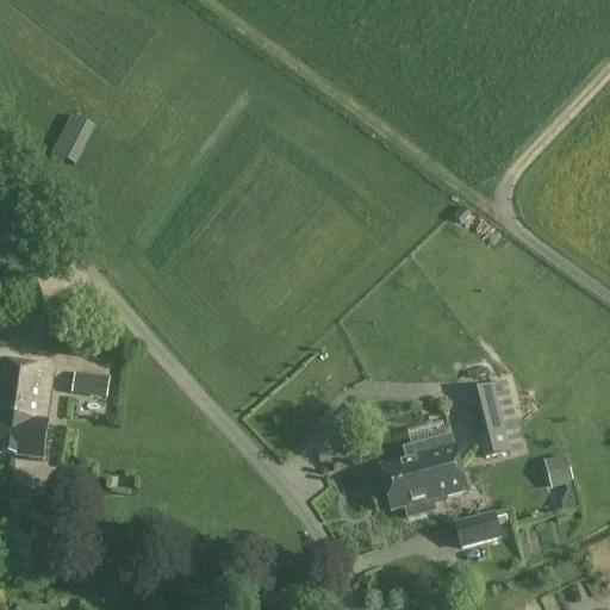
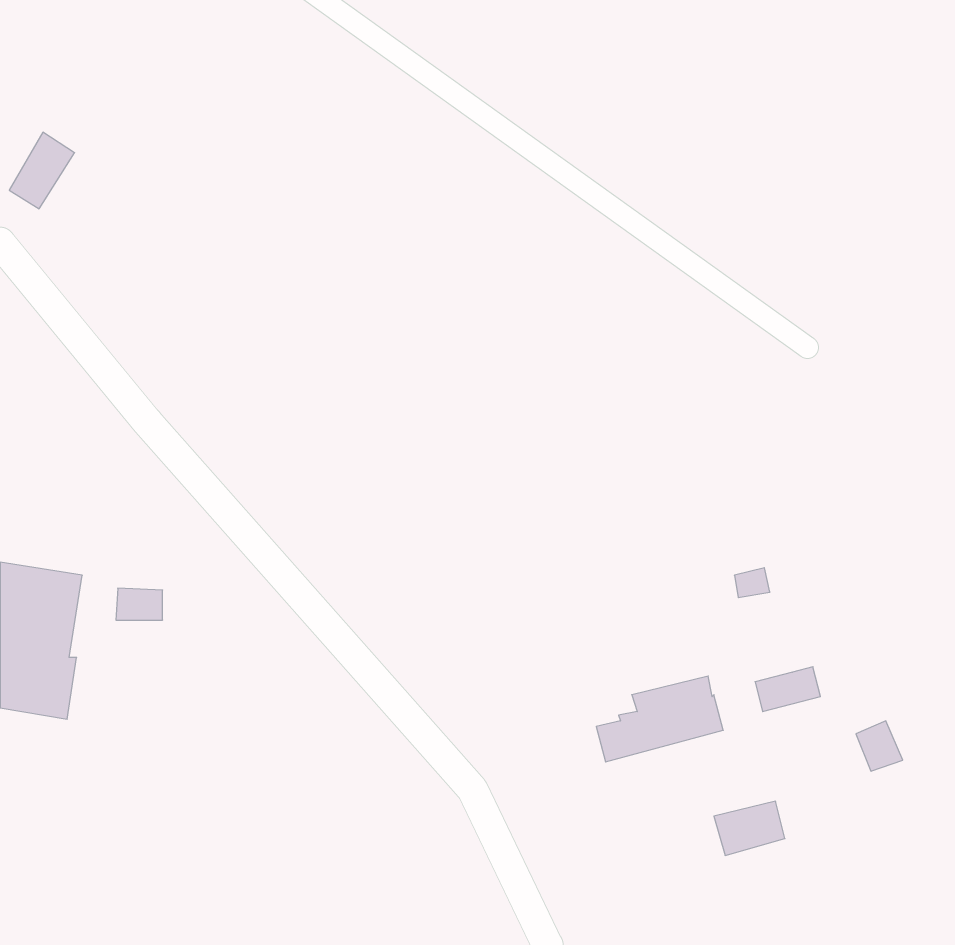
building: [50,110,92,158] -> [9,132,75,209]
building: [469,379,518,435] -> none
building: [386,466,467,516] -> none

